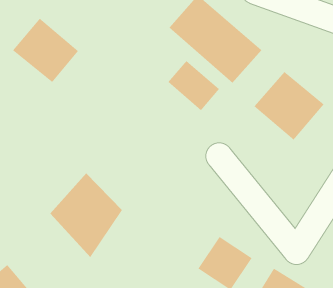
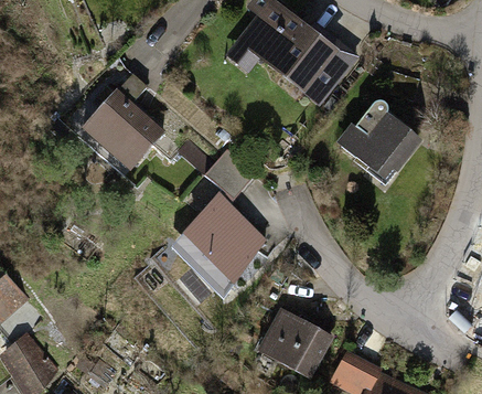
building: [12,18,79,83] -> [78,90,162,172]
building: [167,60,220,111] -> none
building: [49,172,123,258] -> [163,192,256,300]

